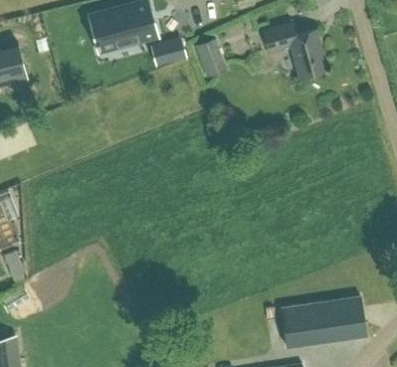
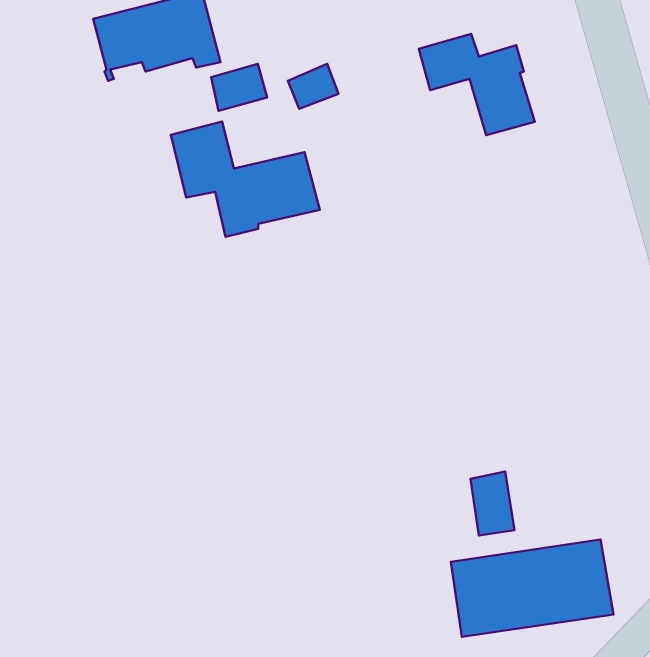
building: none -> [171,122,320,237]
building: none -> [471,471,514,536]

